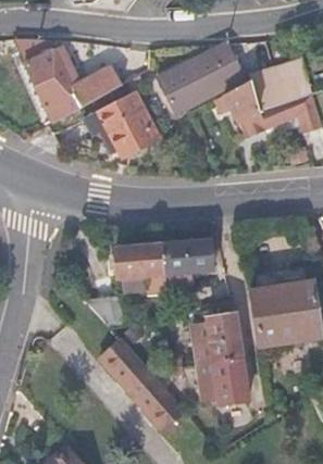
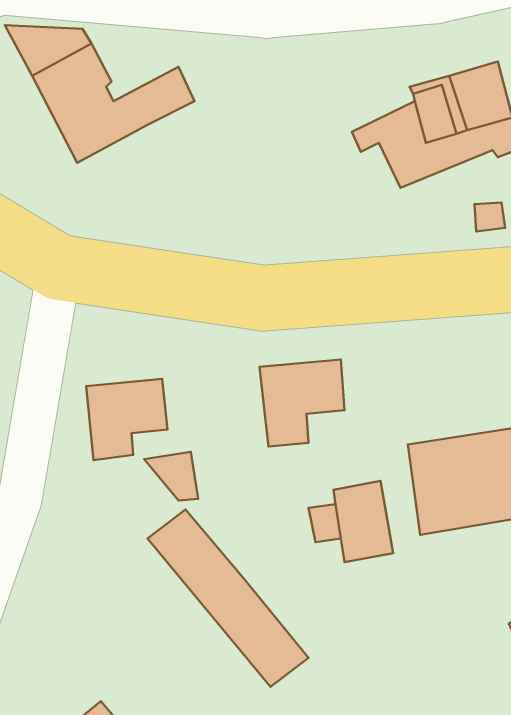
building: [159,45,248,116] -> none
building: [94,80,156,156] -> none
building: [115,244,164,293] -> [86,379,168,460]
building: [204,356,248,404] -> none

